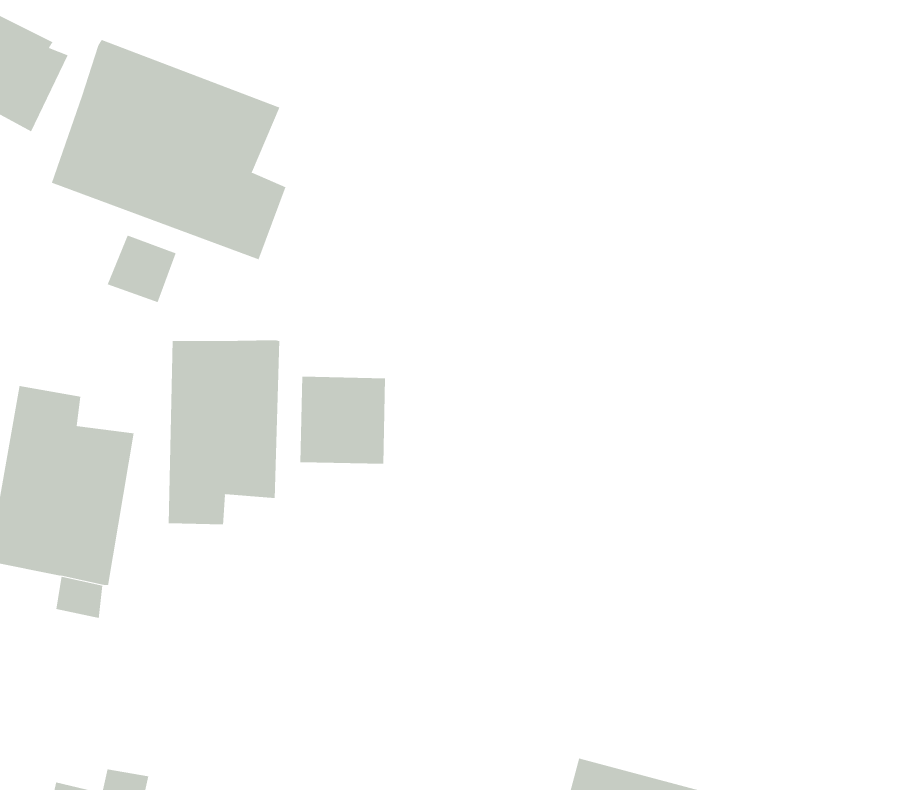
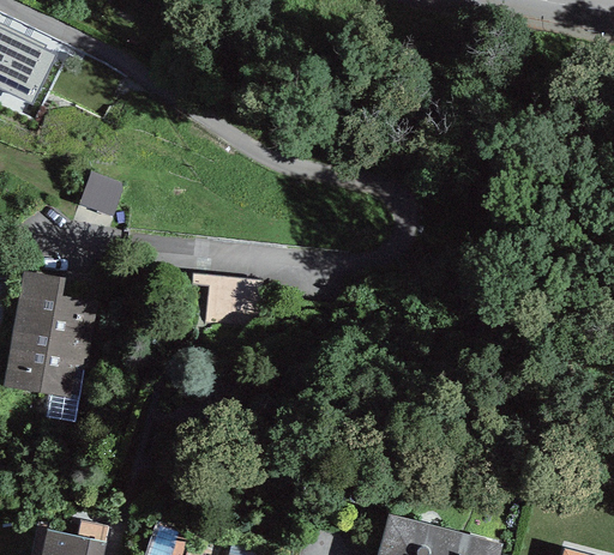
building: [51,39,286,260] -> none
building: [168,339,280,525] -> none

